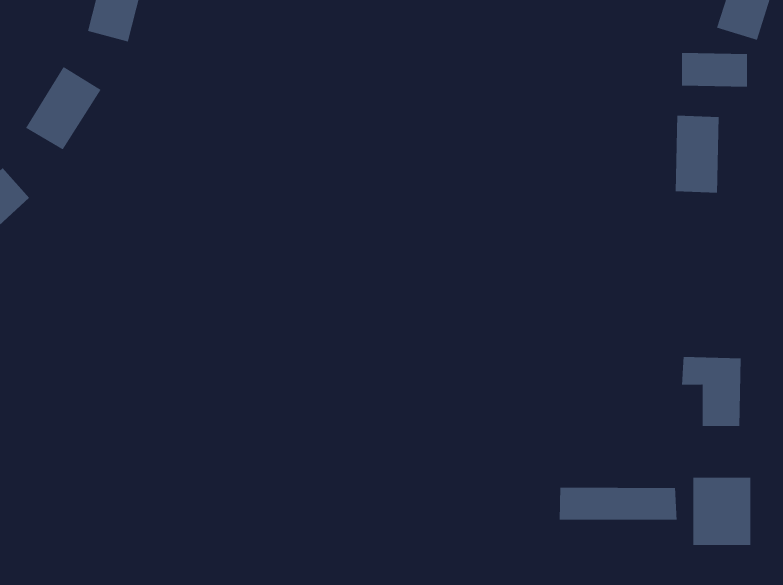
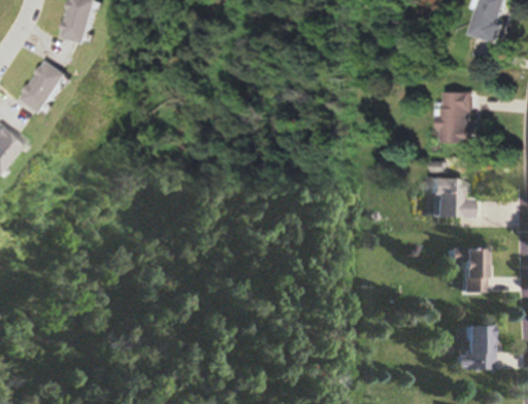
building: [681,52,748,87] -> none
building: none -> [429,177,471,217]
building: [559,487,677,521] -> none

